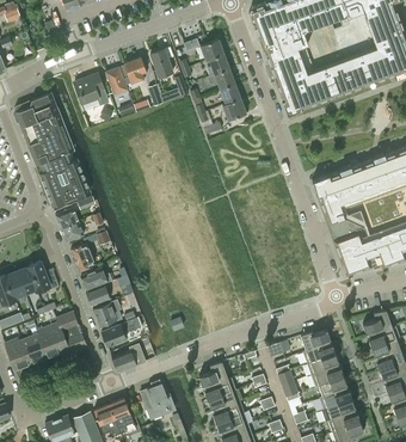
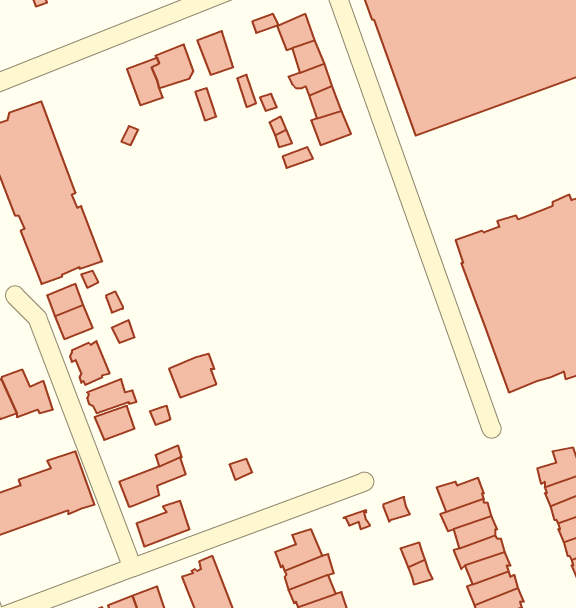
building: [75,73,109,105] -> none
building: [93,300,123,327] -> [169,354,216,397]

